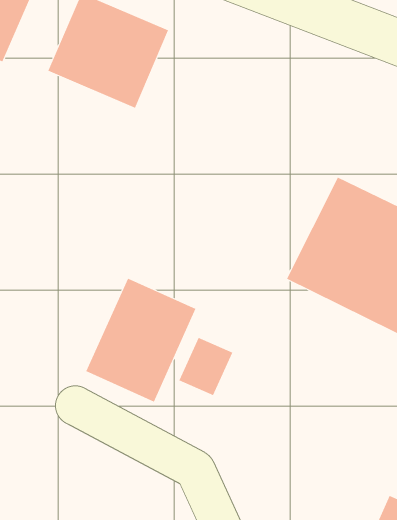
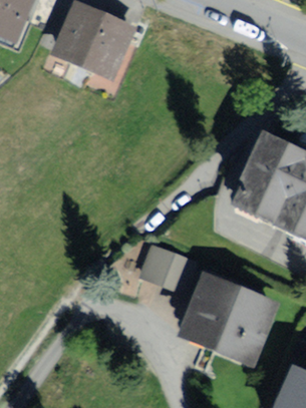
building: [86,278,196,402] -> none
building: none -> [178,273,280,367]

